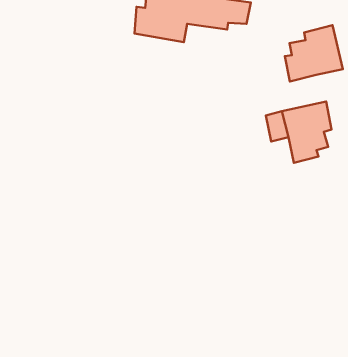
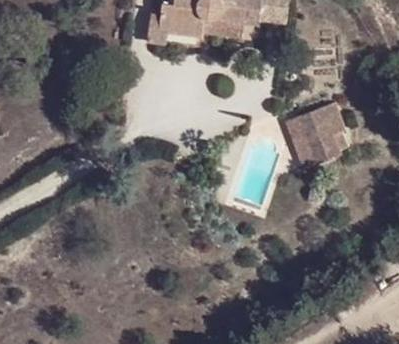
building: [285,25,343,81] -> none

